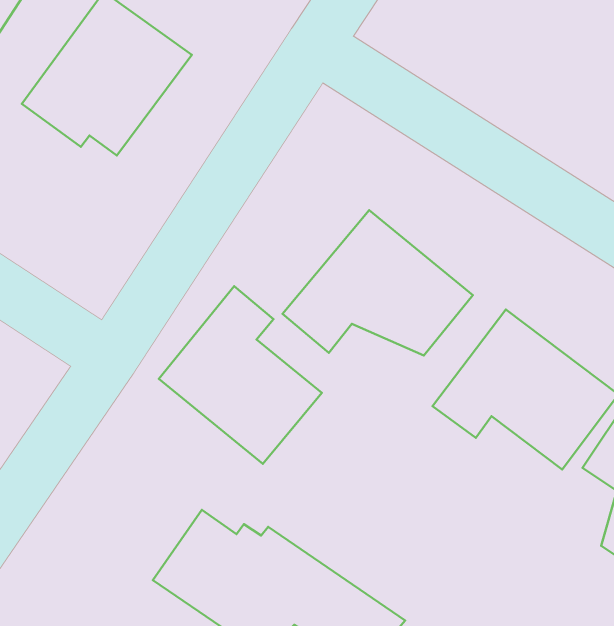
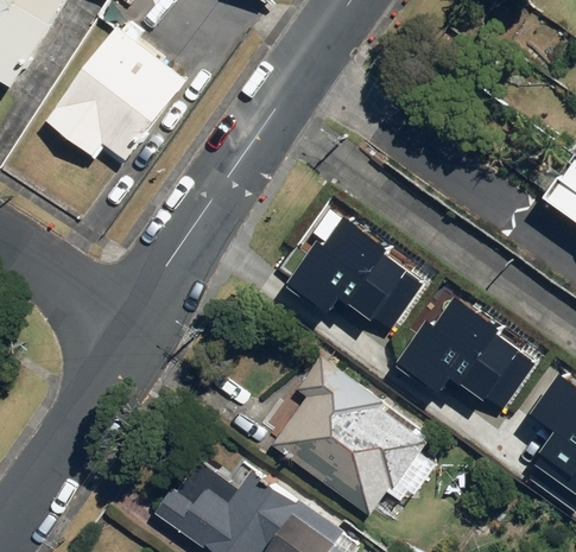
building: [159,286,322,464] -> none
building: none -> [271,355,431,515]

